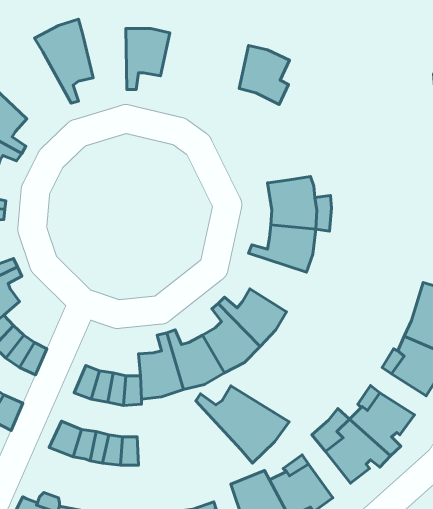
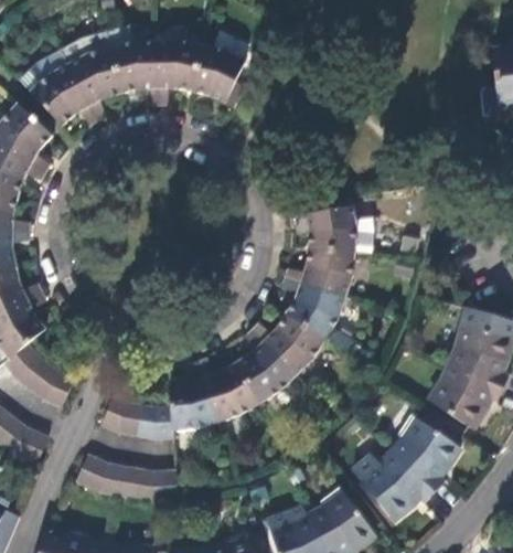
building: none -> [110,41,157,105]
building: [239,46,290,104] -> [192,45,245,107]
building: none -> [30,65,98,126]
building: none -> [282,277,353,352]
building: [196,386,289,463] -> none

